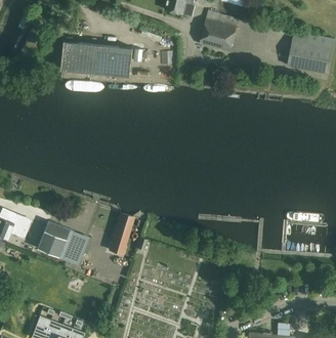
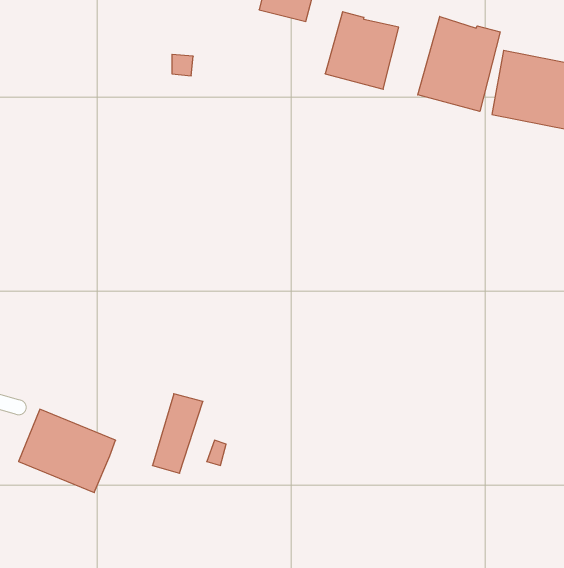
building: none -> [418,16,500,111]
building: [61,38,132,77] -> none

